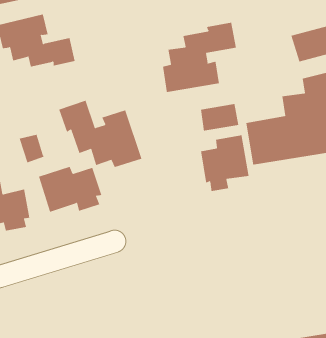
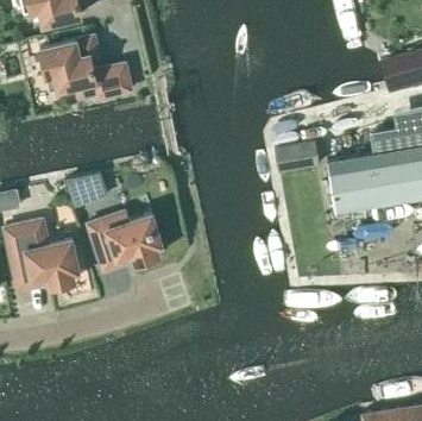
building: [163,22,236,93] -> none
building: [59,100,142,168] -> none
building: [200,135,249,192] -> none

